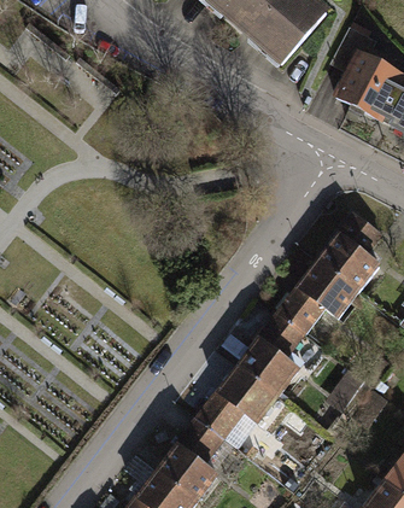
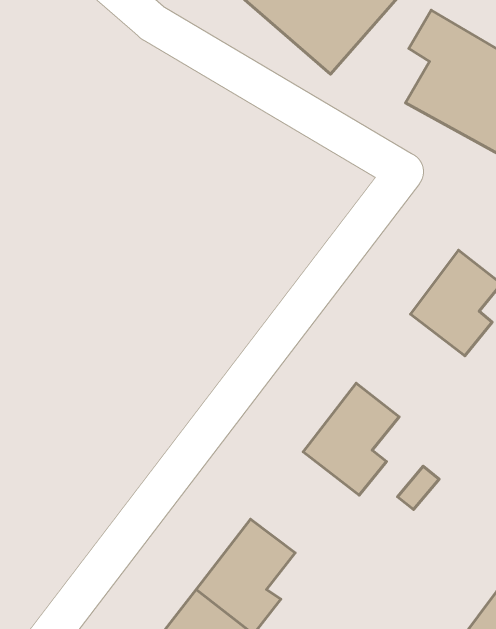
building: [288,250,370,327] -> none
building: [209,354,291,430] -> none

